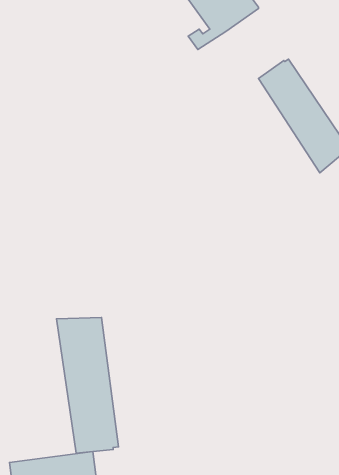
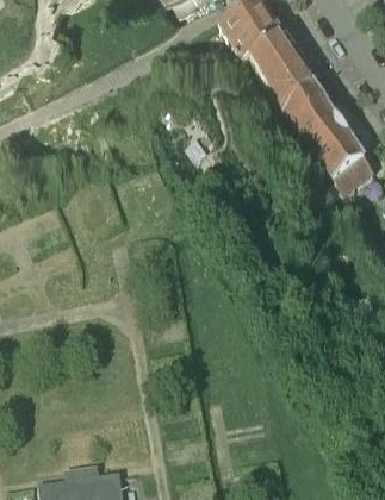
building: none -> [254,29,311,101]
building: [56,317,118,453] -> none

